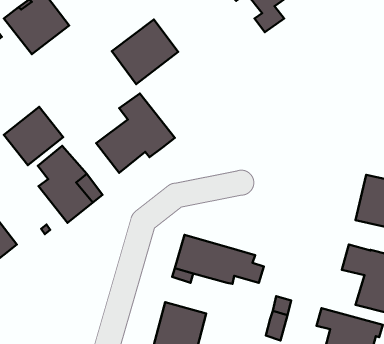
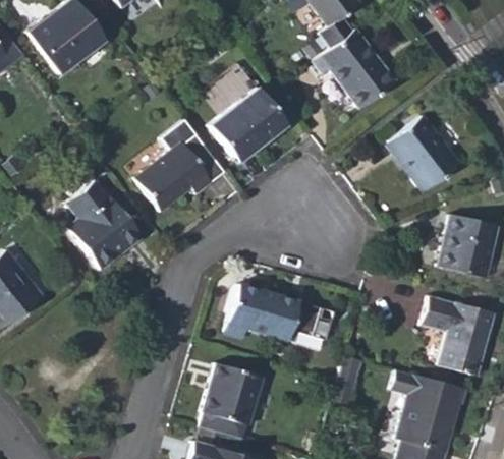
building: none -> [314,30,396,109]
building: [112,20,178,84] -> [209,88,286,163]
building: none -> [389,114,460,192]
building: [4,107,63,165] -> none

